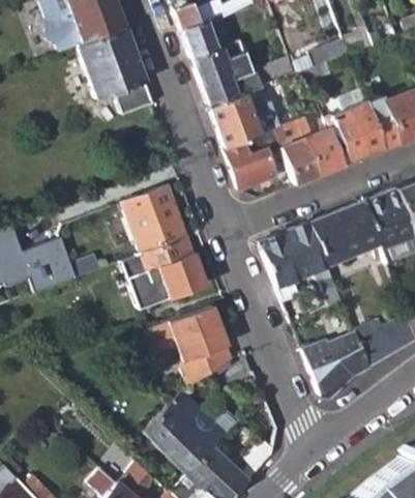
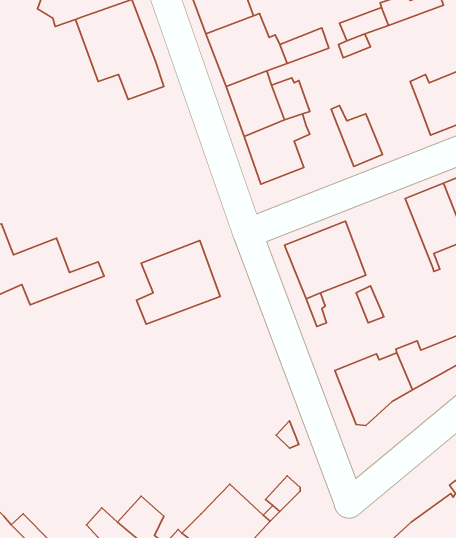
building: [325,86,386,163] -> none
building: [278,136,320,182] -> none
building: [121,187,186,255] -> none
building: [313,201,388,267] -> none
building: [147,304,233,387] -> none
building: [144,392,236,474] -> none

